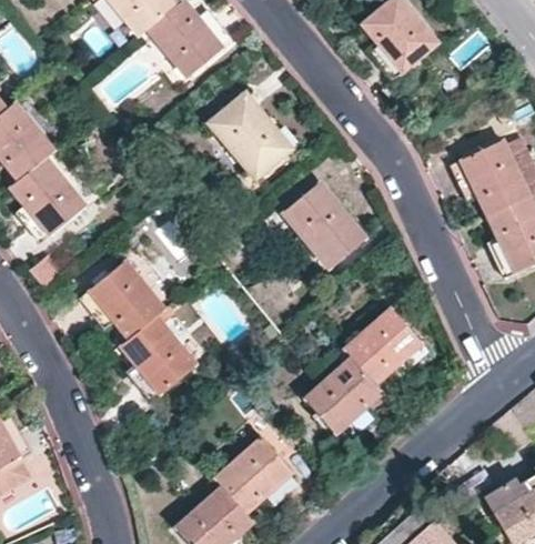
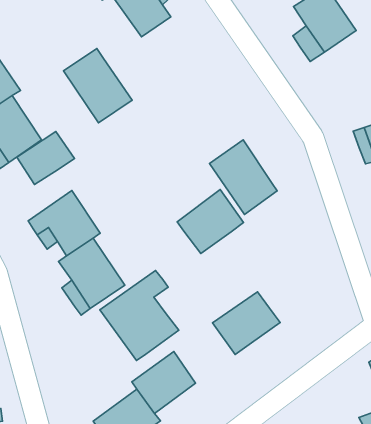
building: [210,93,293,180] -> [63,48,132,123]
building: none -> [17,131,75,185]
building: [344,305,422,382] -> [177,190,244,254]
building: none -> [100,271,179,361]

